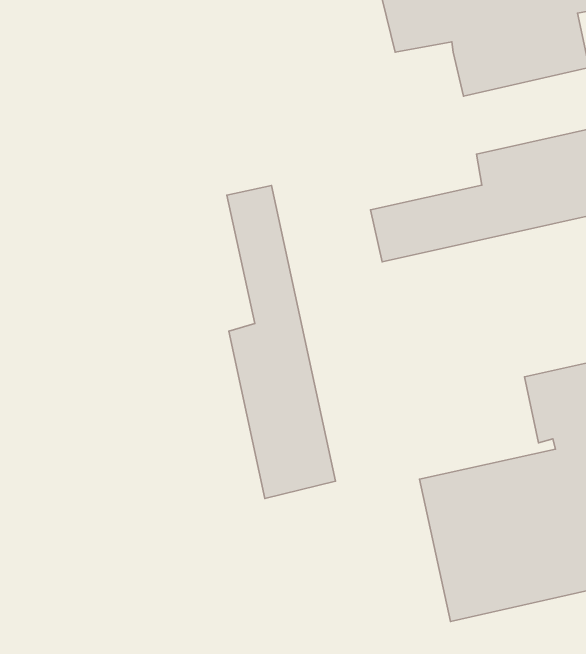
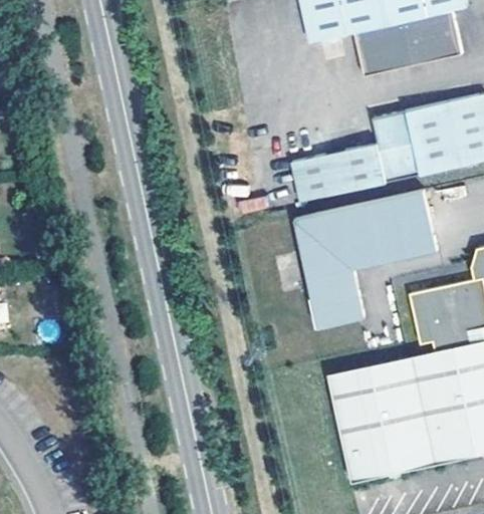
building: [227,186,336,498] -> none
building: none -> [294,189,437,326]

